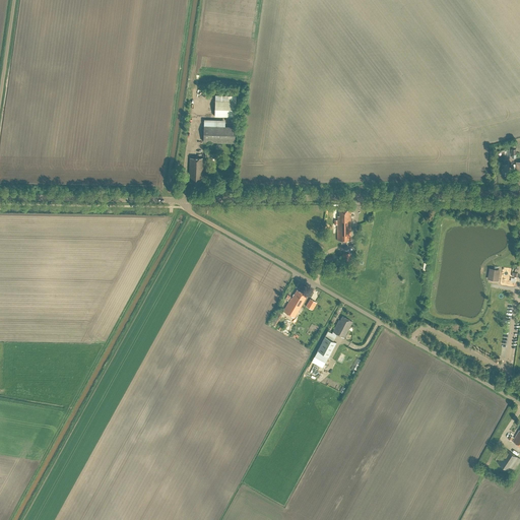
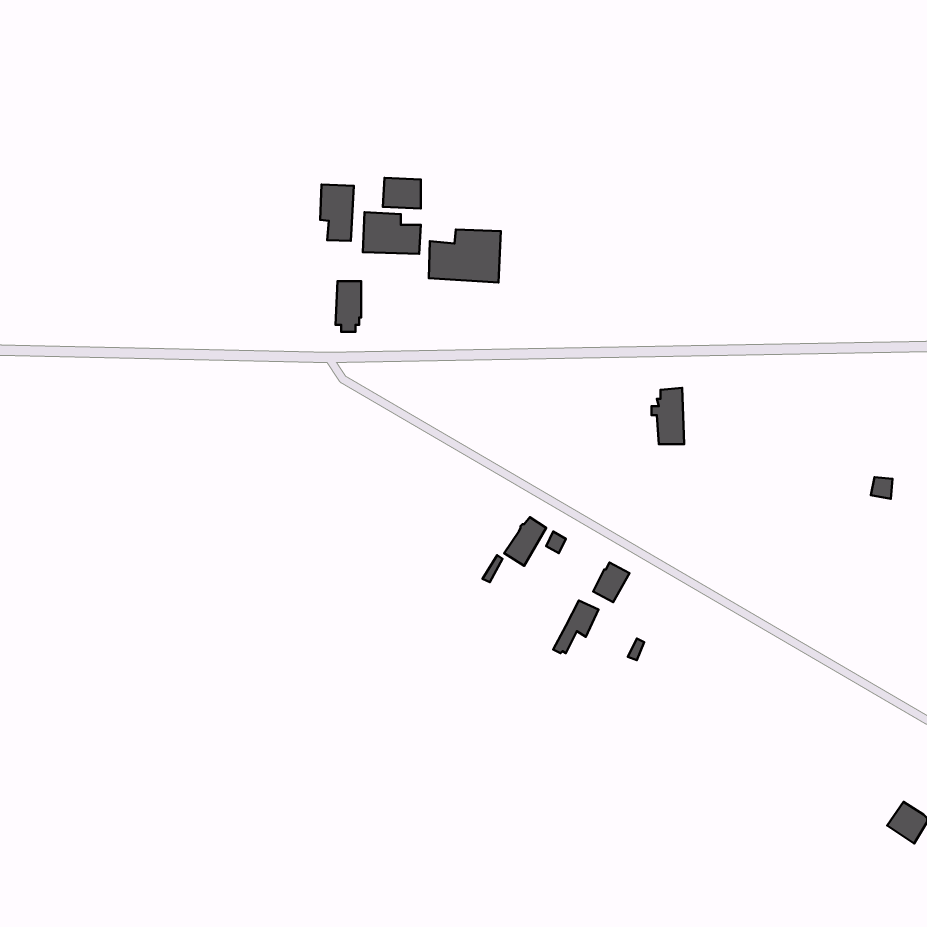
building: none -> [320,184,354,241]
building: none -> [429,229,501,282]
building: [333,208,351,240] -> [651,388,684,444]

